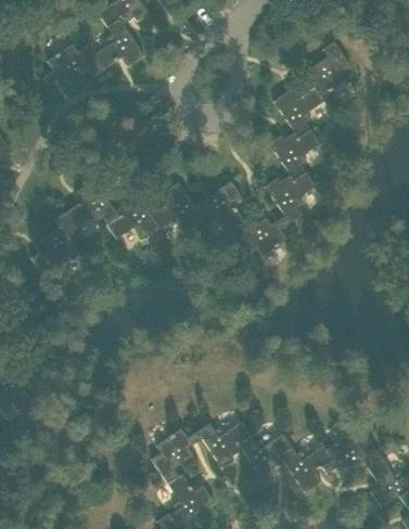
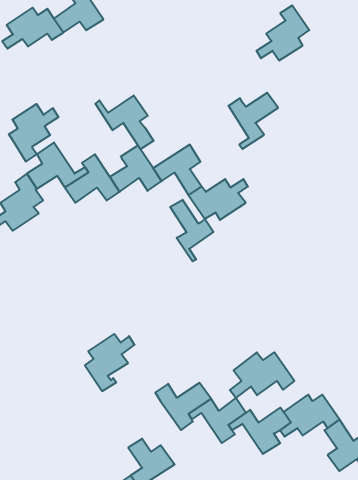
building: [273,87,324,143] -> none
building: none -> [95,95,154,149]
building: none -> [9,104,58,162]
building: [265,171,316,223] -> none
building: none -> [170,200,213,261]
building: none -> [230,352,294,398]
building: [152,428,202,486] -> [85,334,135,391]

